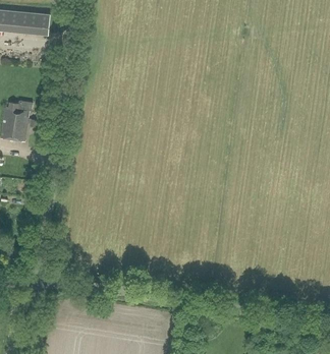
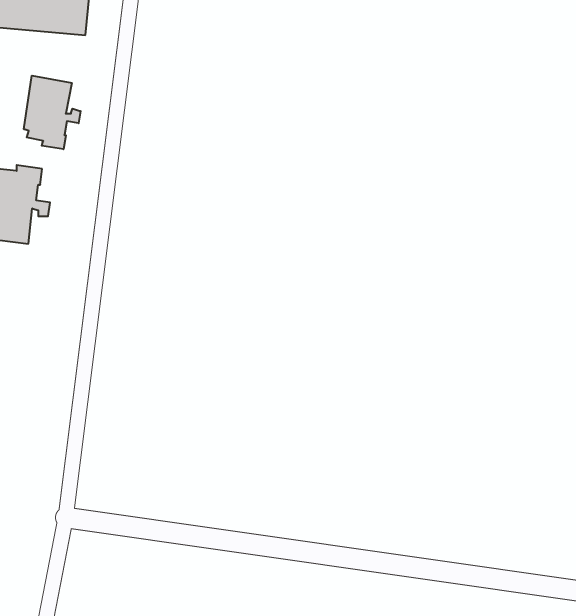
building: none -> [24,76,81,149]

